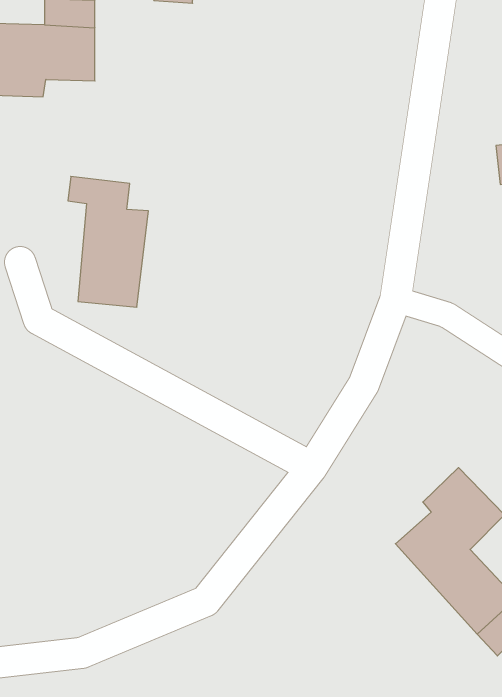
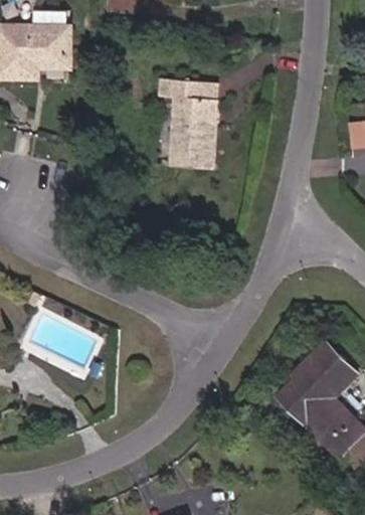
building: [68,176,148,307] -> [155,83,211,175]

